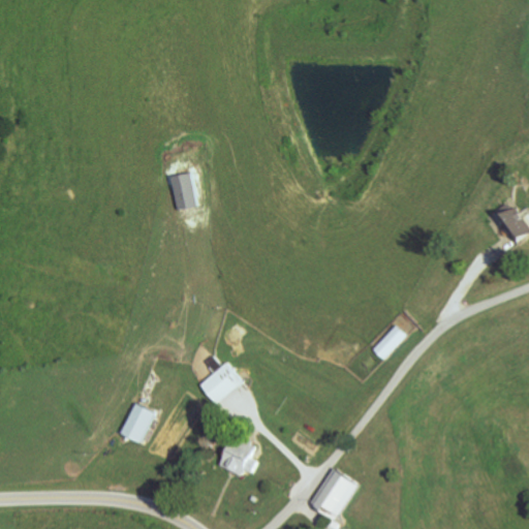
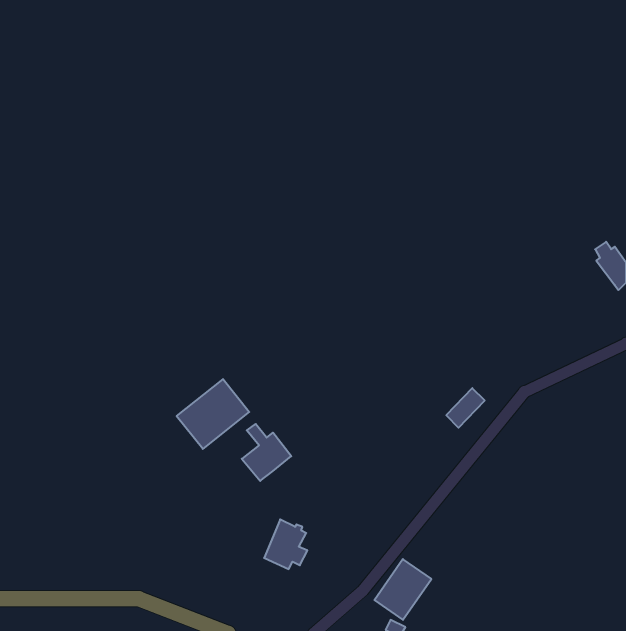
building: [170,173,196,210] -> none
building: none -> [177,379,249,449]
building: [120,404,153,442] -> none

